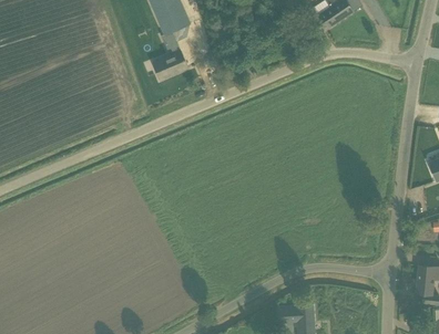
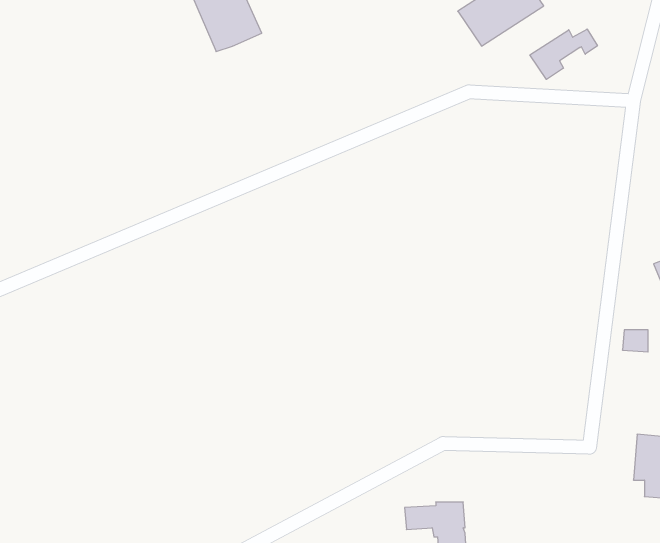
building: none -> [530,29,597,79]
building: [152,51,188,80] -> none

